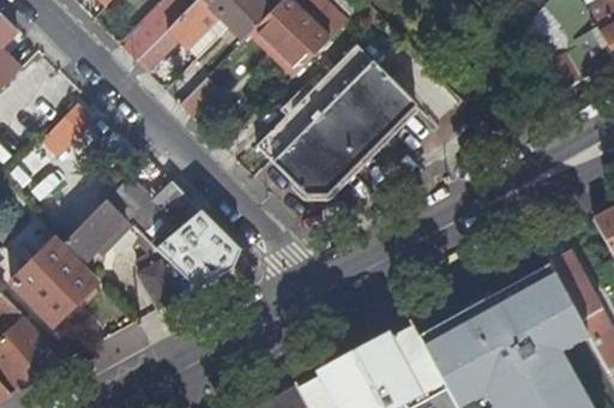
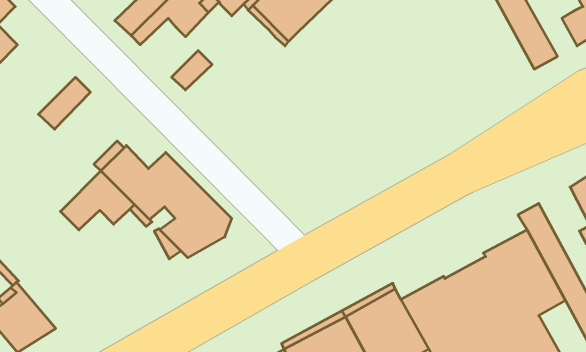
building: [255,44,416,193] -> none
building: [11,241,97,326] -> none

